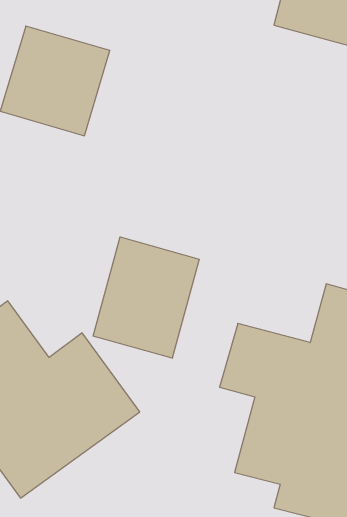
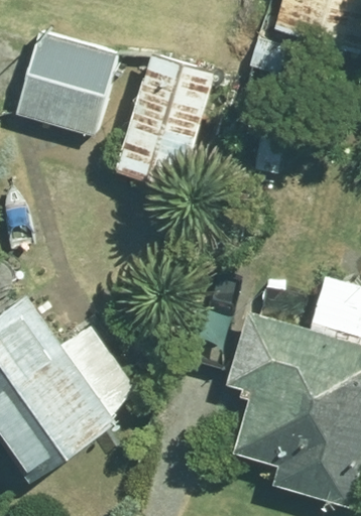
building: none -> [117,50,217,187]
building: [93,237,199,358] -> none

